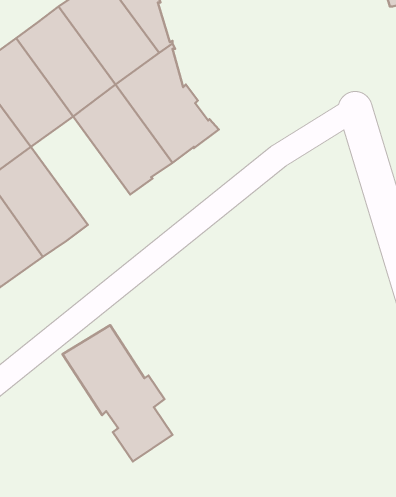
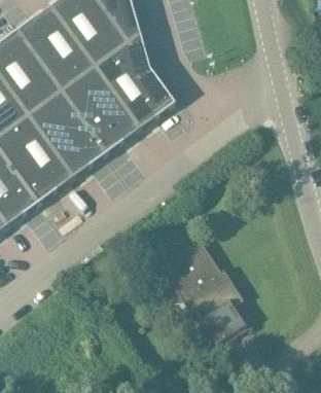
building: none -> [29,92,106,176]
building: [63,325,172,461] -> [163,240,248,346]

